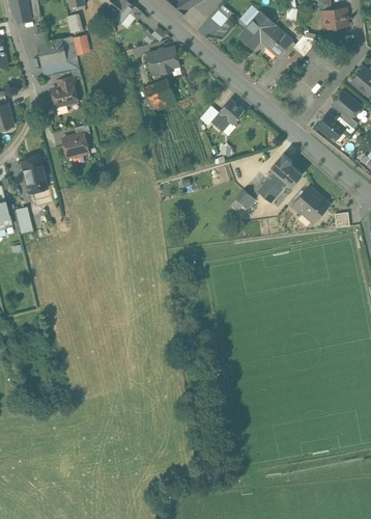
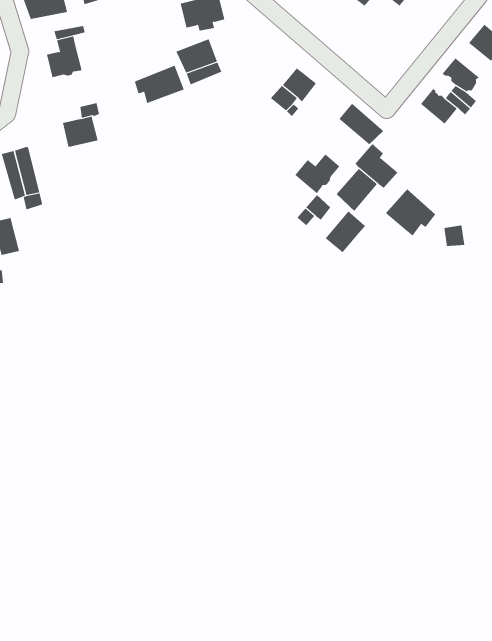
building: none -> [134,65,185,104]
building: none -> [339,103,384,145]
building: none -> [294,153,340,194]
building: none -> [325,211,366,253]

